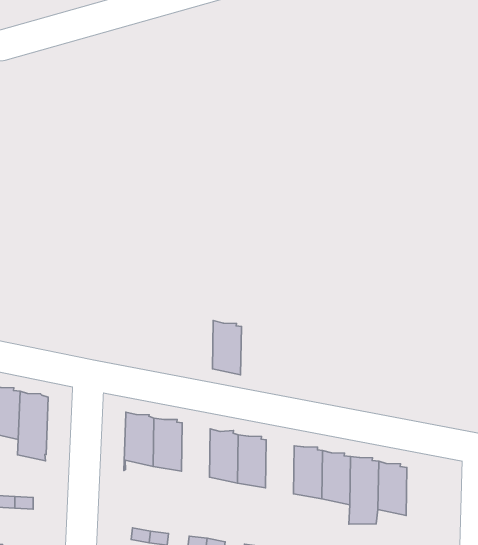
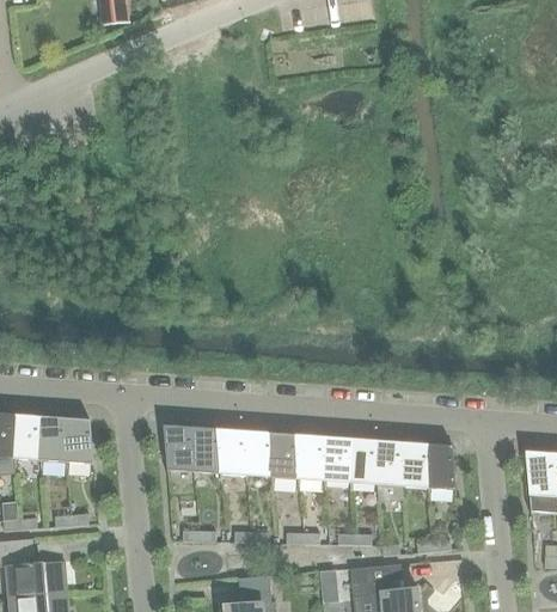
building: [213,321,241,375] -> [215,428,246,475]
building: none -> [294,434,325,481]
building: none -> [426,442,457,498]

